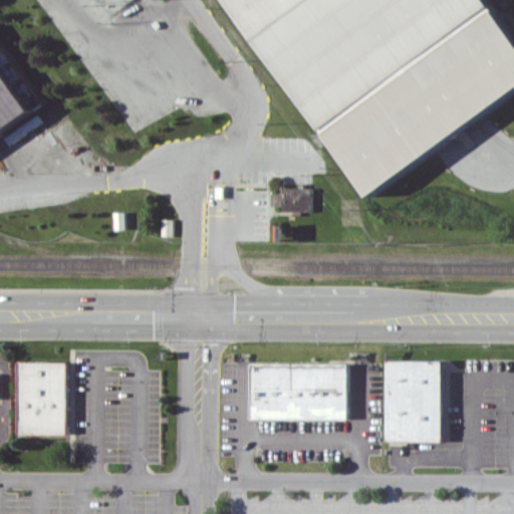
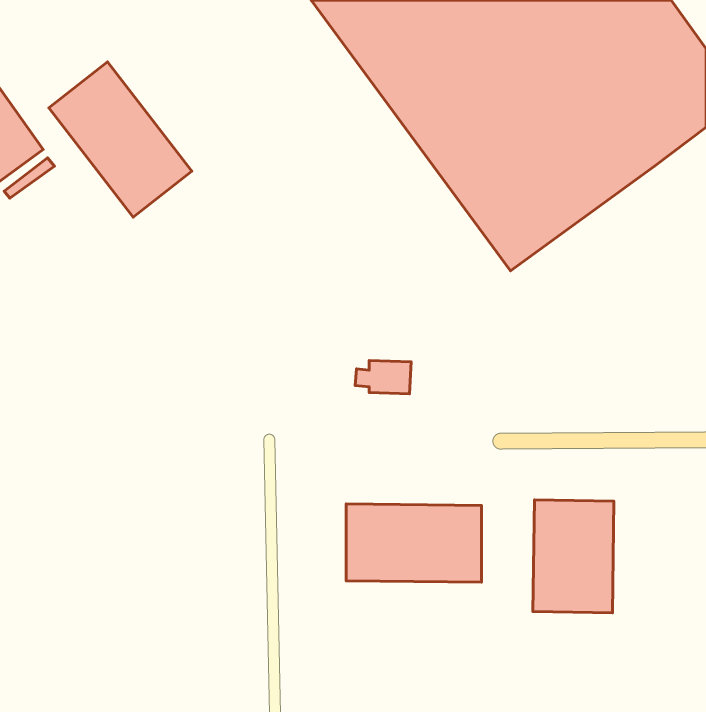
building: none -> [49,62,192,217]
building: [268,188,308,212] -> [355,360,411,394]
building: [16,361,66,435] -> none

